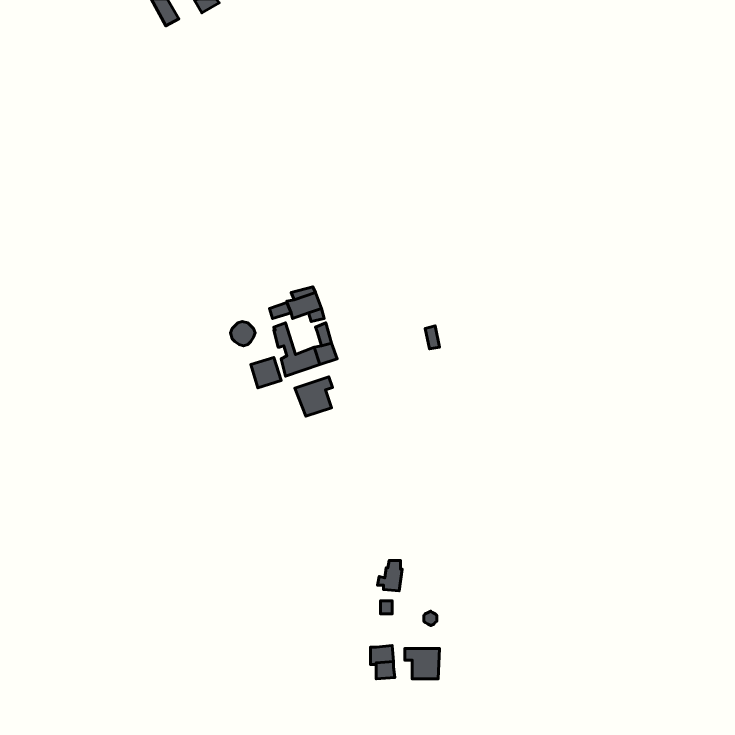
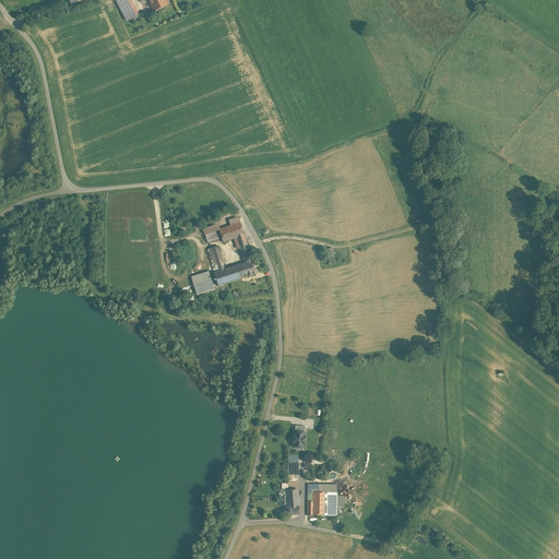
building: [295,377,333,416] -> none

